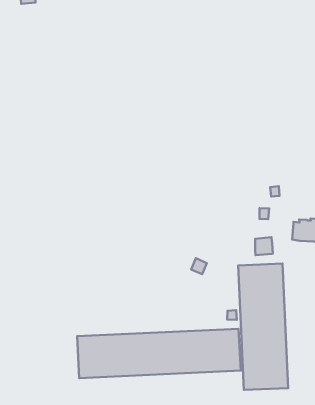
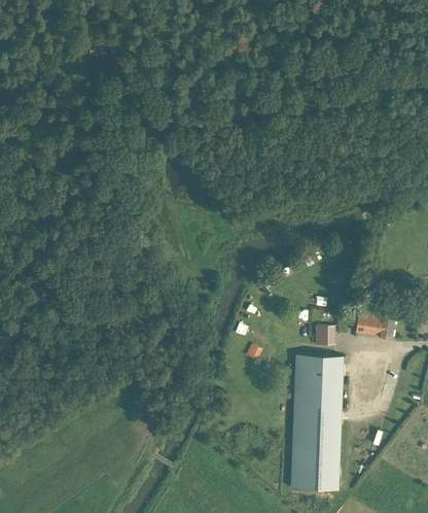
building: [77,329,241,378] -> none

